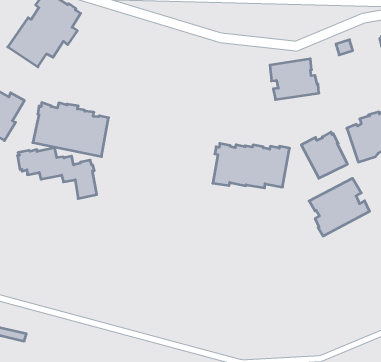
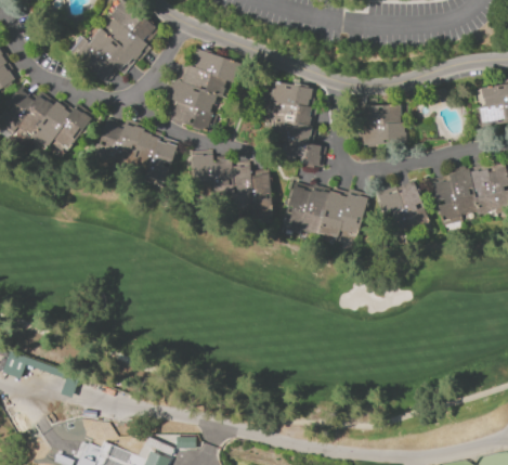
building: none -> [170,46,240,131]
building: none -> [270,79,326,164]
building: [17,148,97,199] -> [191,153,272,210]
building: [309,178,370,236] -> none

